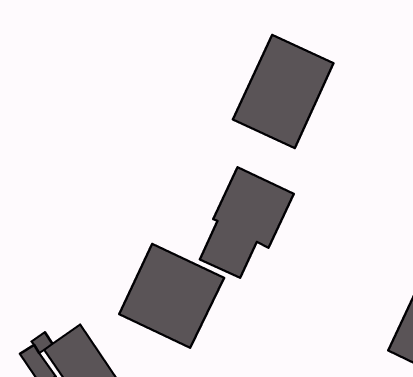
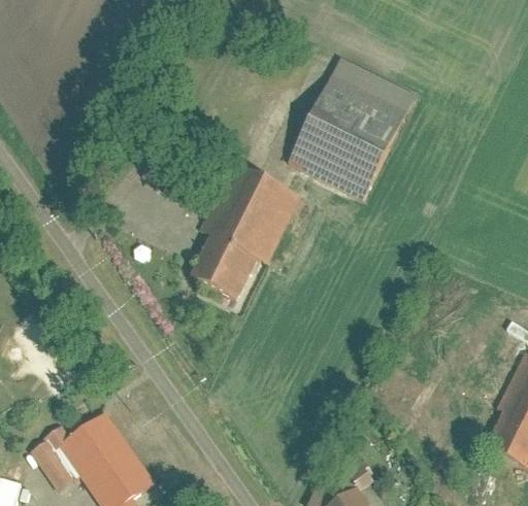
building: [200,167,294,278] -> [185,163,300,299]
building: [119,244,224,348] -> none

